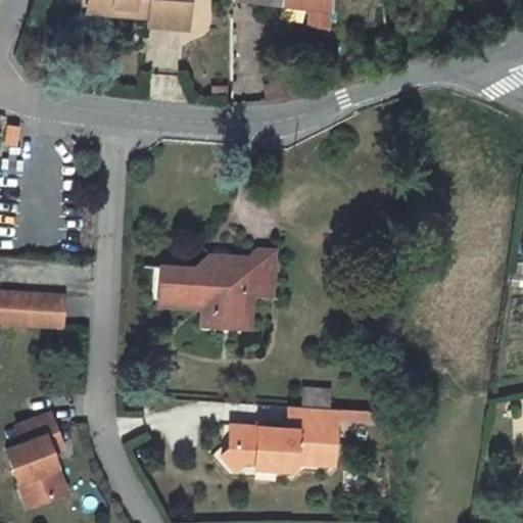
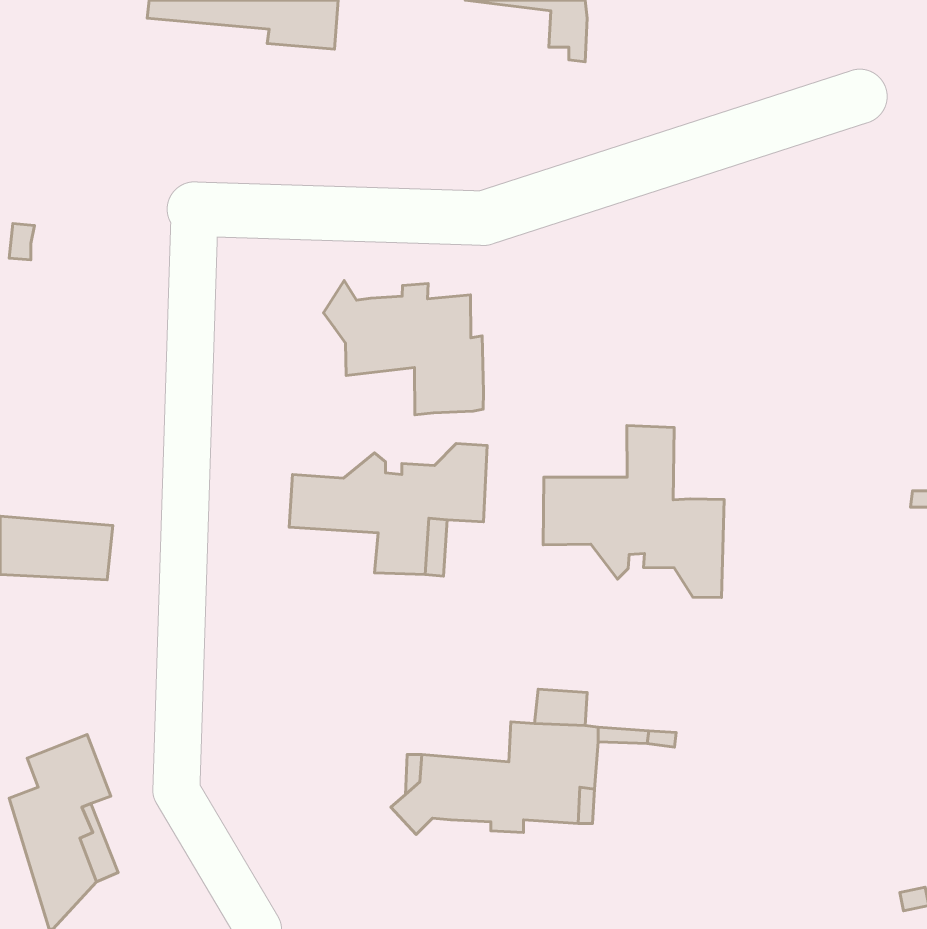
building: none -> [324,281,484,415]
building: none -> [543,426,724,597]
building: [162,296,213,322] -> none

